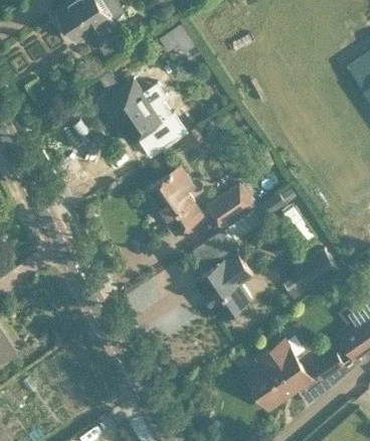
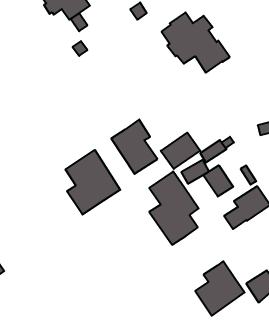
building: [106,79,189,152] -> [162,12,230,73]
building: none -> [65,150,120,215]
building: none -> [203,165,233,197]

